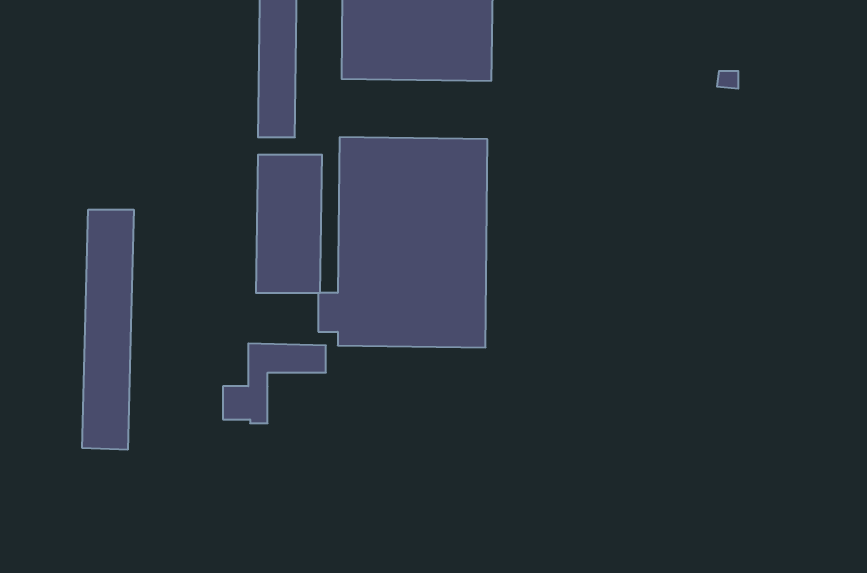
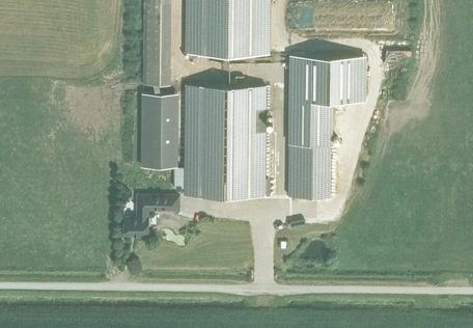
building: none -> [288,58,365,199]
building: [82,210,134,450] -> none

